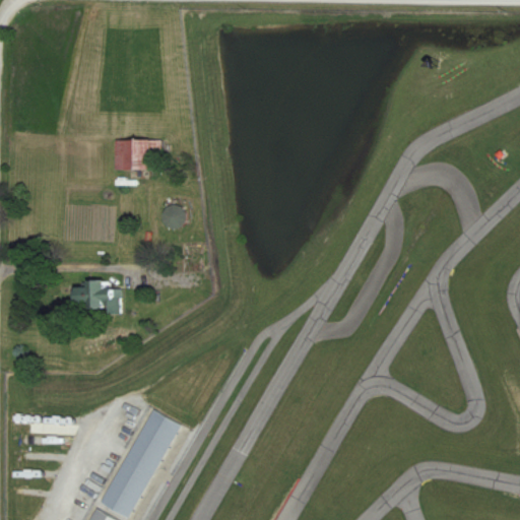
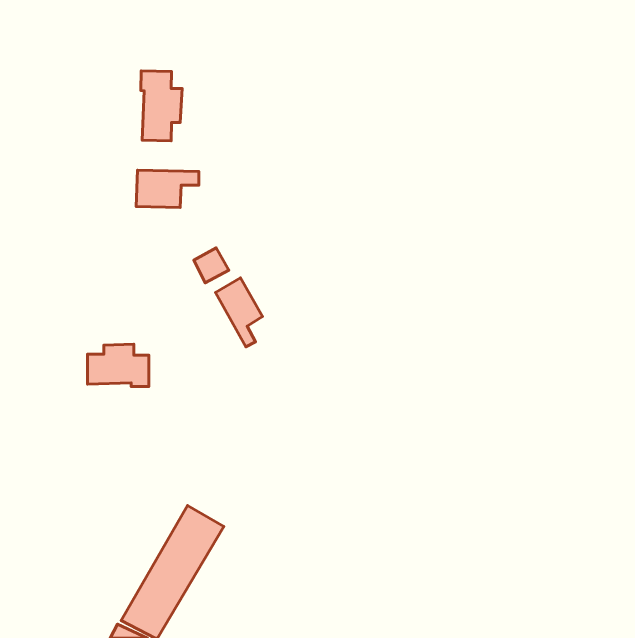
building: none -> [141,71,182,141]
building: none -> [215,278,262,347]

